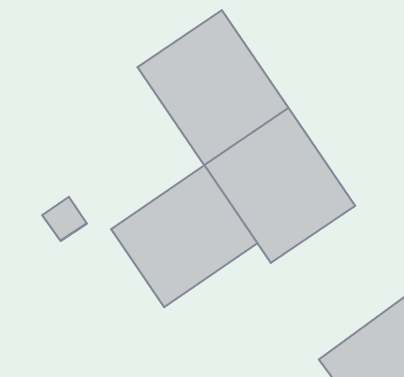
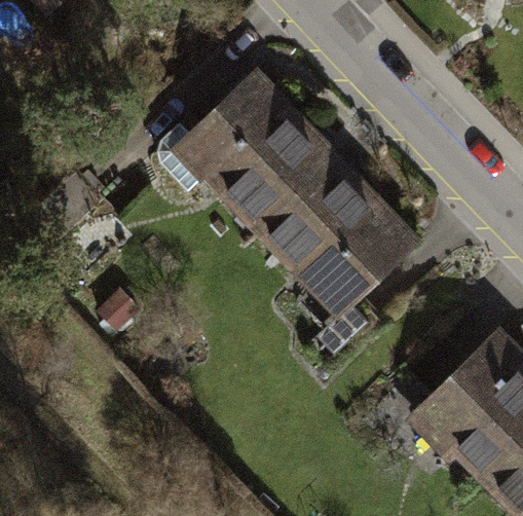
building: [111,165,257,307] -> none

